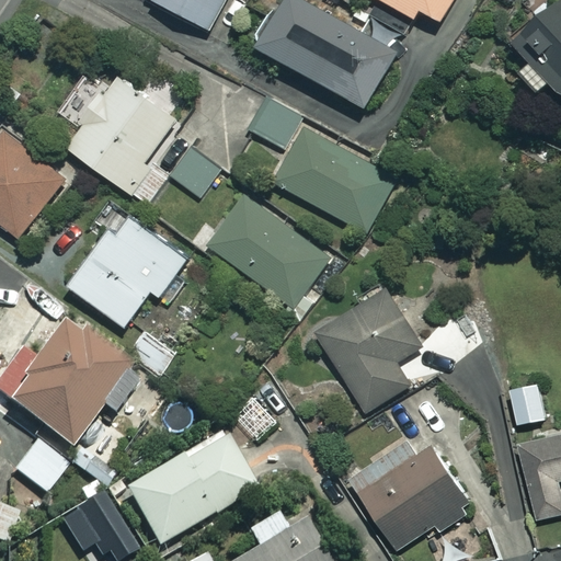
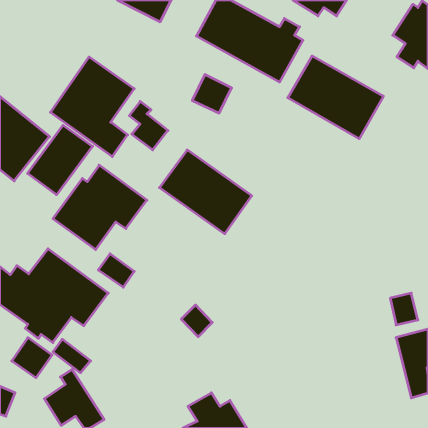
building: [273,126,398,234] -> [288,56,383,139]
building: none -> [28,125,93,195]
building: [314,287,436,414] -> none
building: [125,436,253,546] -> none
building: [348,438,471,550] -> none

